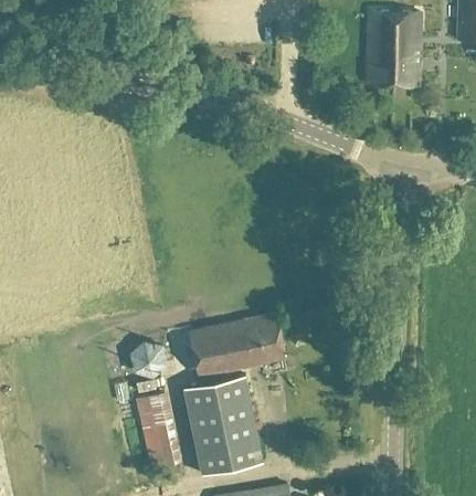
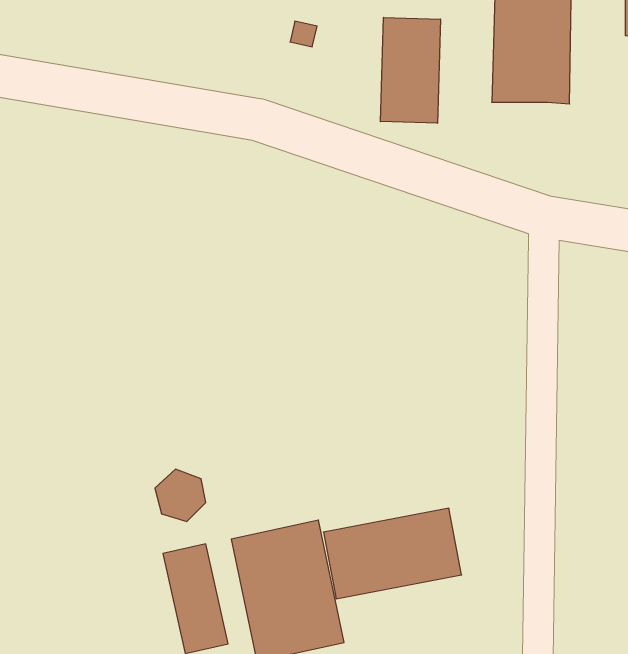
building: none -> [380,17,440,123]
building: [188,314,284,377] -> [323,508,462,599]

